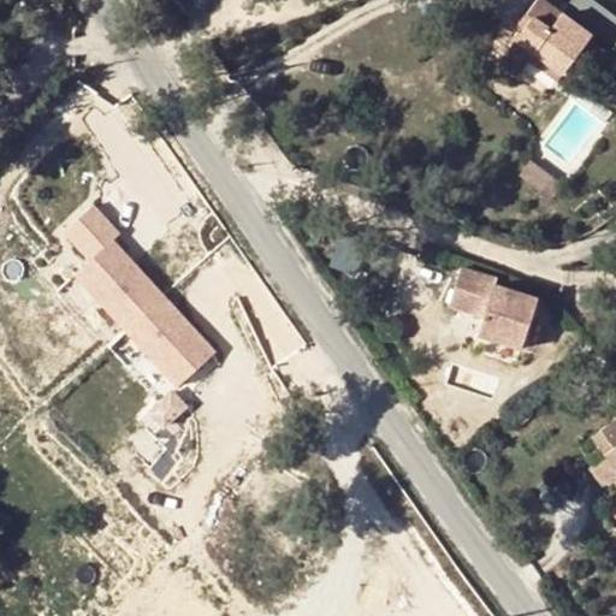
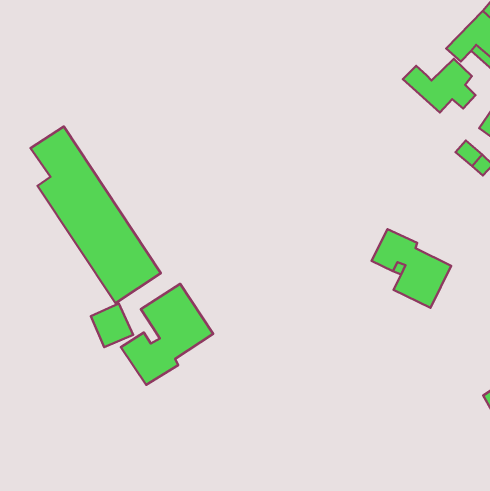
building: none -> [403,59,476,112]
building: none -> [121,284,213,385]

